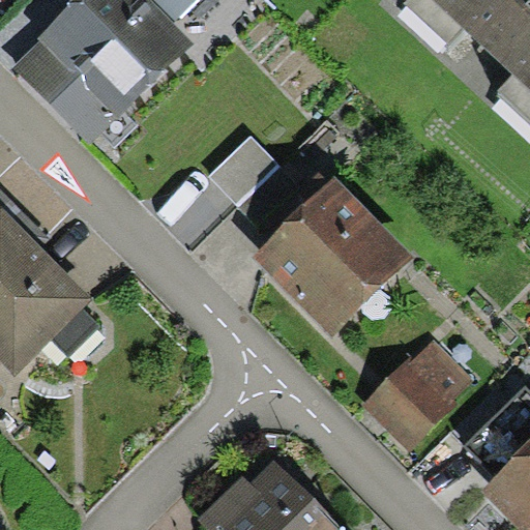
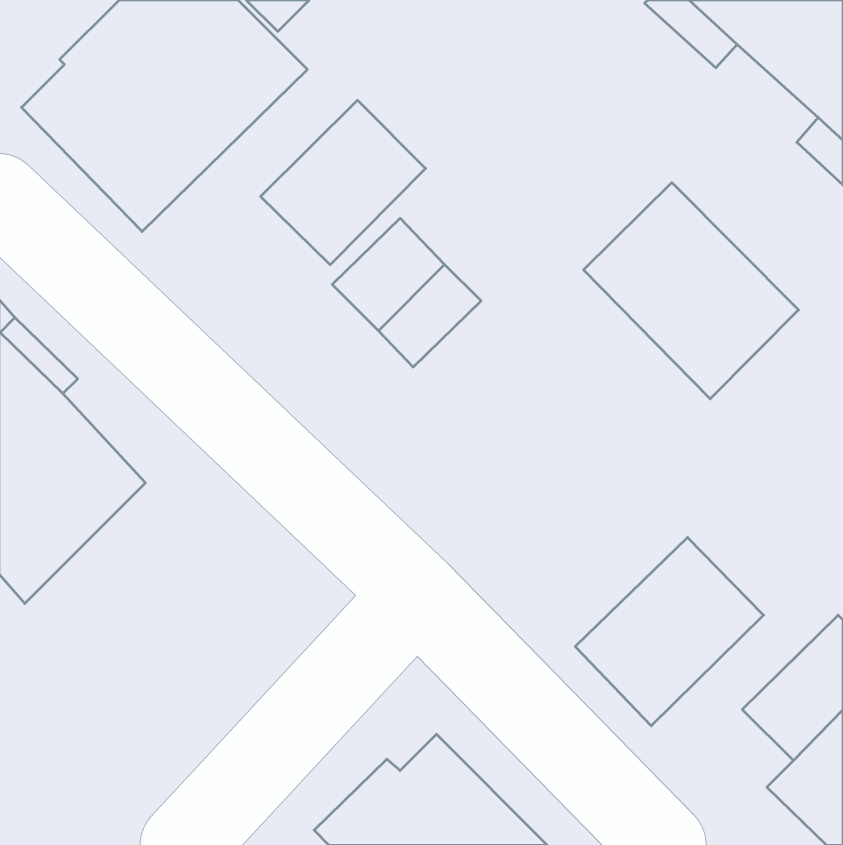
building: none -> [261,100,426,265]
building: none -> [584,183,799,399]
building: [252,176,413,336] -> none

